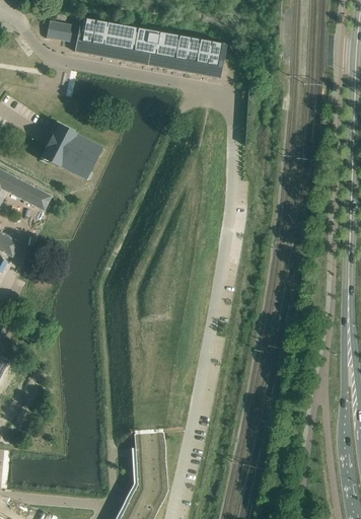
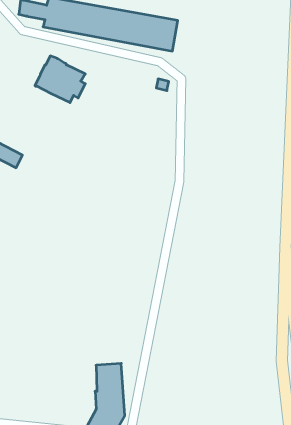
building: [41,123,97,175] -> [35,56,85,103]

